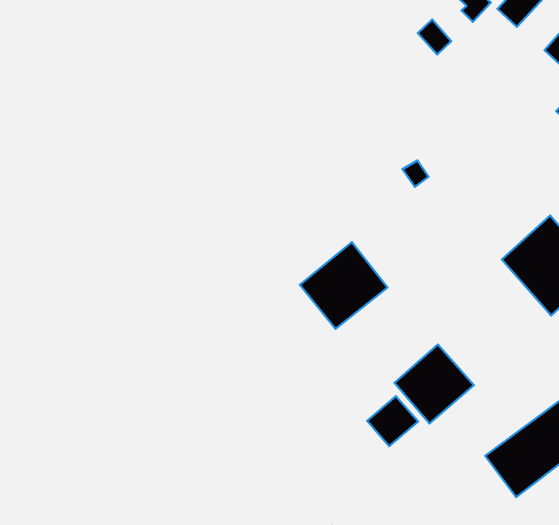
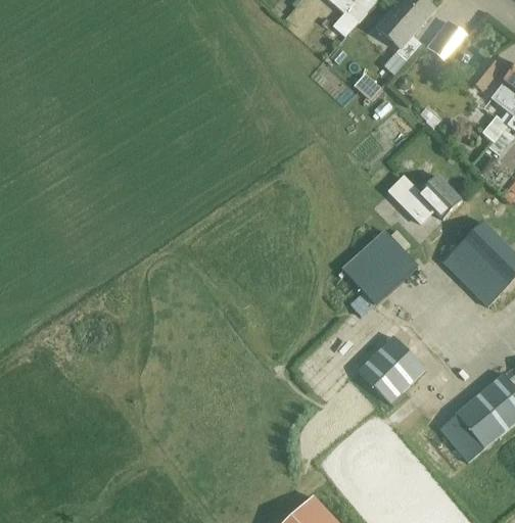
building: none -> [399,175,460,219]
building: [300,242,387,329] -> [342,230,417,304]
building: [367,396,418,446] -> none

